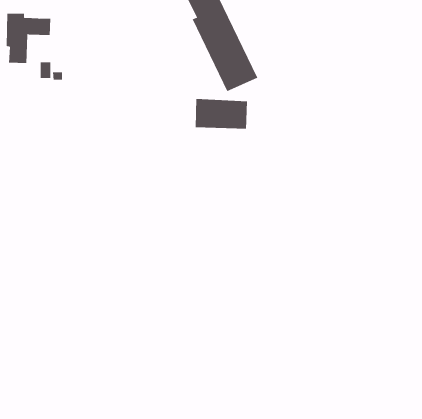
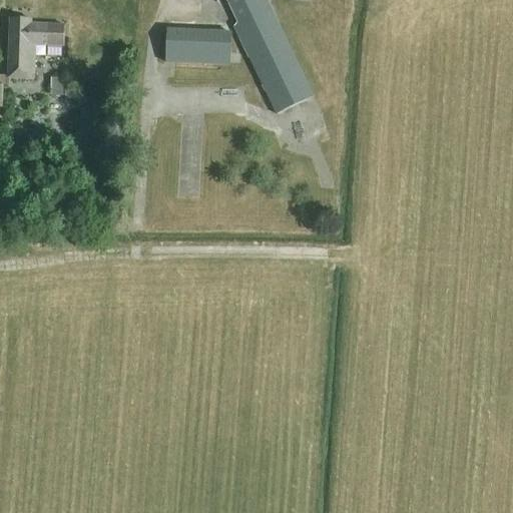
building: [195,99,248,129] -> [166,27,230,64]

